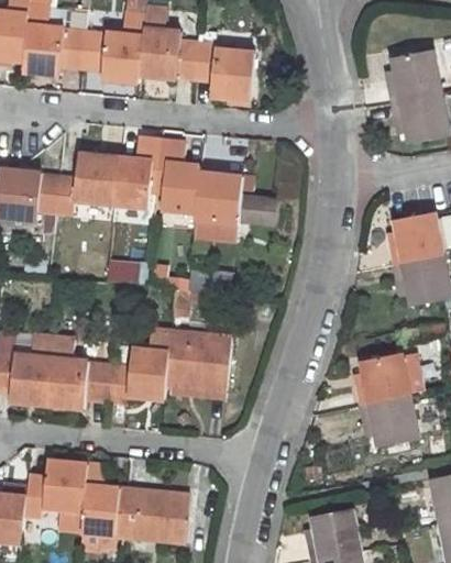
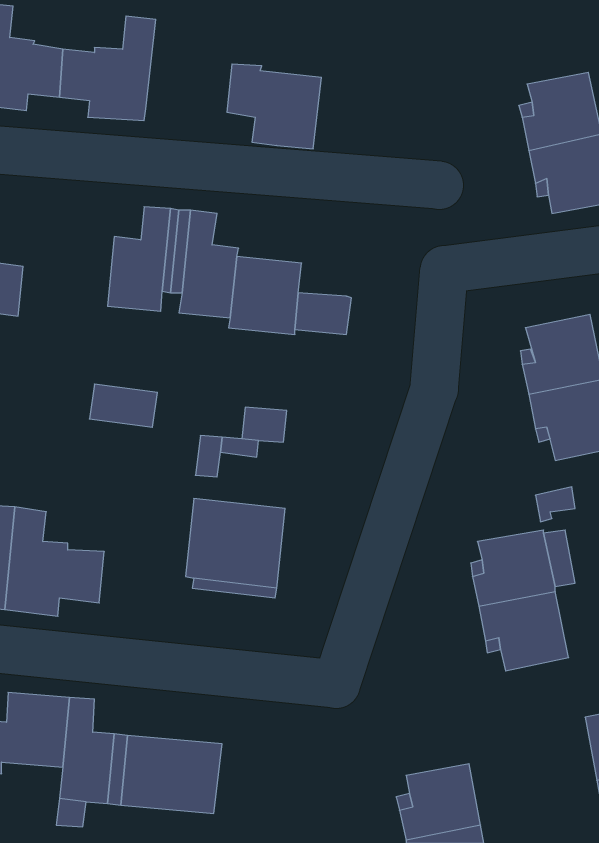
building: [139,7,196,77] -> none
building: [54,154,118,213] -> none
building: [108,330,171,404] -> none

